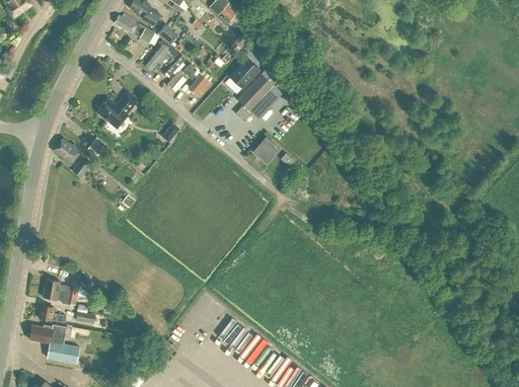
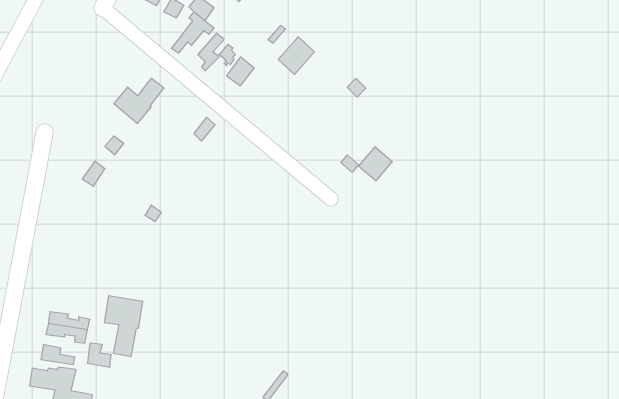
building: [237,73,280,117] -> none
building: [252,137,280,164] -> [358,147,392,181]
building: [54,139,81,166] -> none
building: none -> [105,296,143,357]

